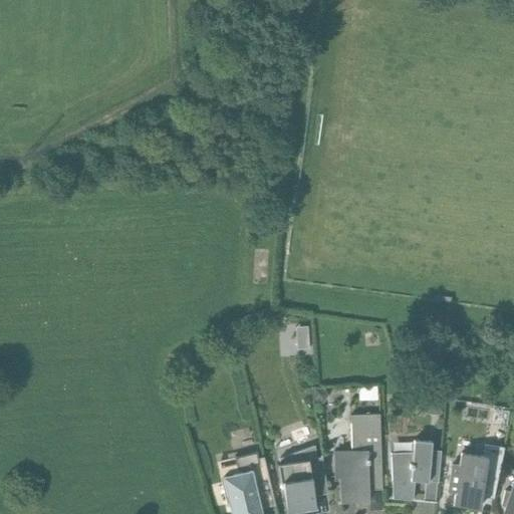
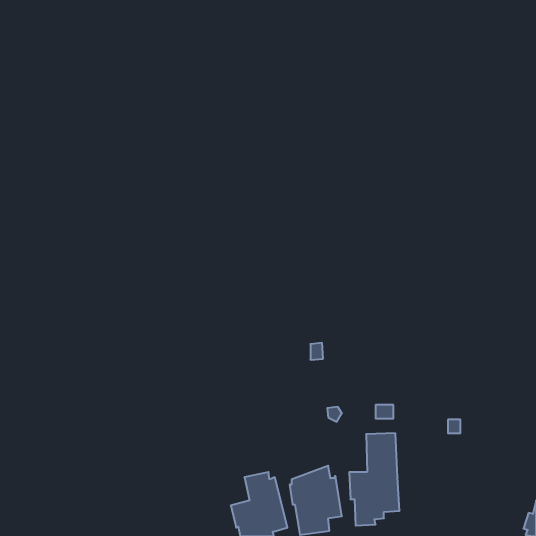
building: [391,441,441,501] -> none
building: [447,445,504,509] -> none

